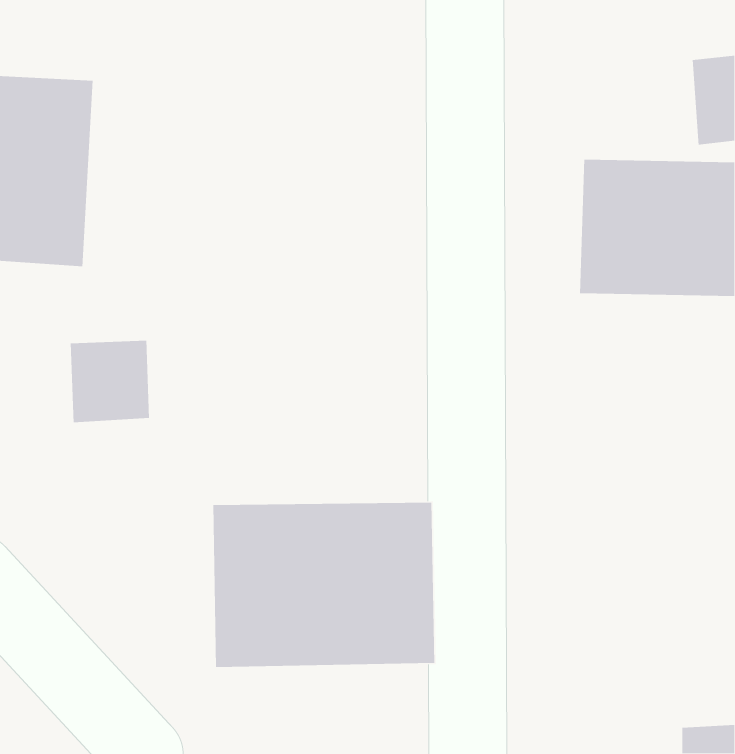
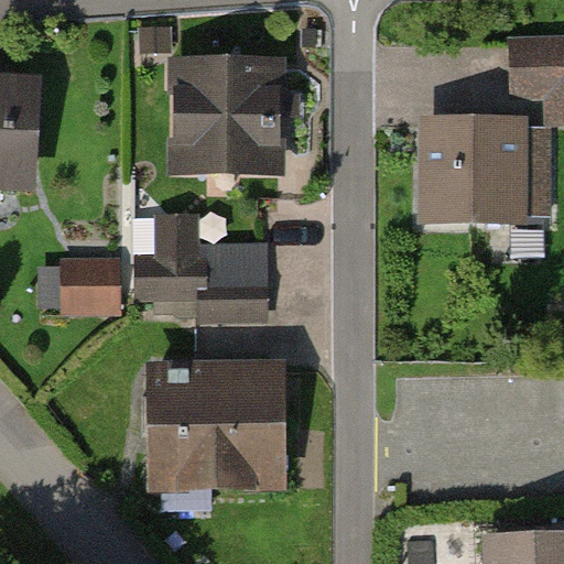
building: none -> [165,48,307,173]
building: none -> [126,205,260,313]

